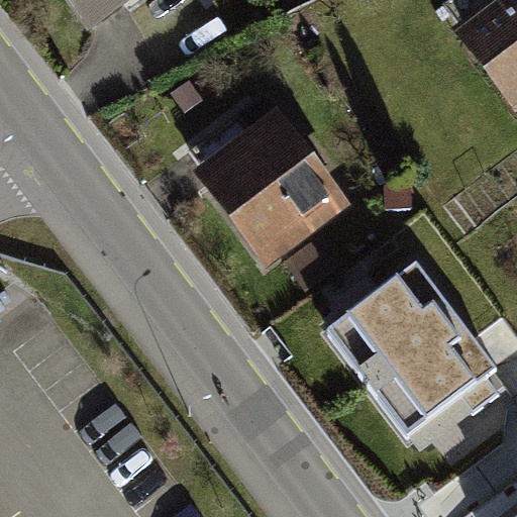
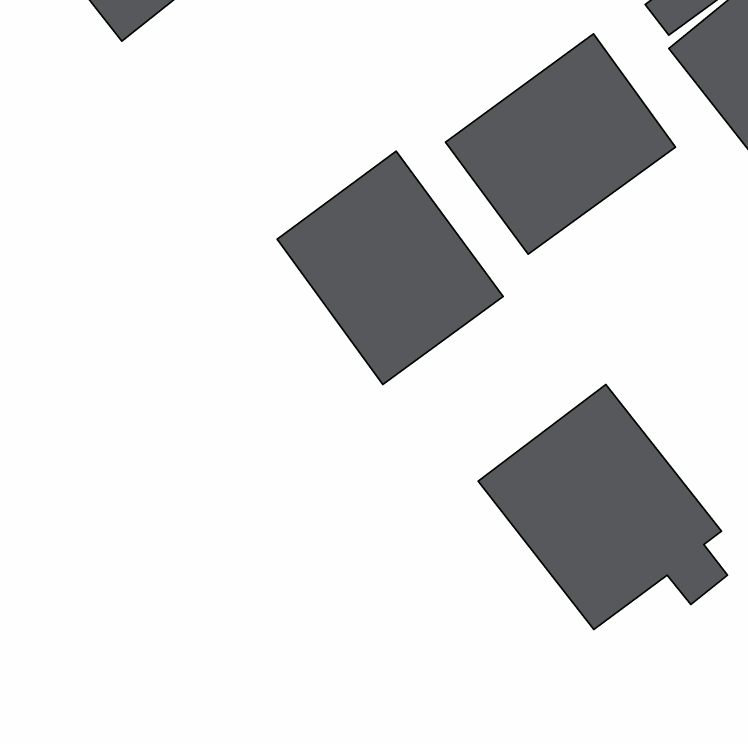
building: none -> [446,34,675,254]

